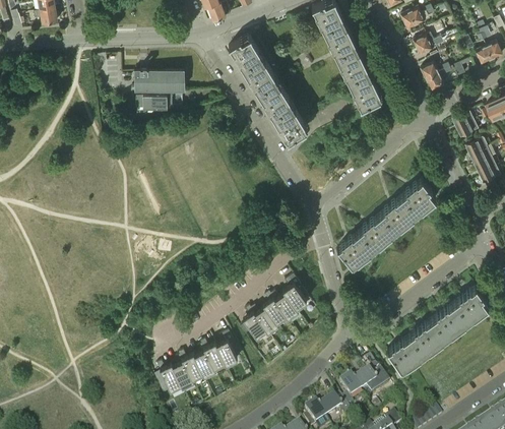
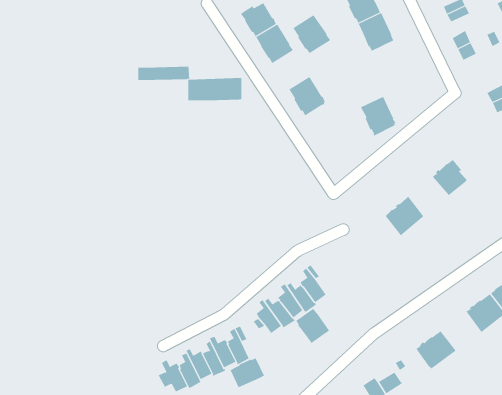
building: [135,70,185,91] -> [187,77,242,101]
building: [349,72,382,109] -> [360,96,397,136]
building: [258,81,293,117] -> [292,15,330,54]
building: [382,196,419,232] -> none
building: [337,232,375,267] -> none
building: none -> [295,307,330,344]
building: [412,318,448,354] -> none
building: none -> [230,358,265,389]

